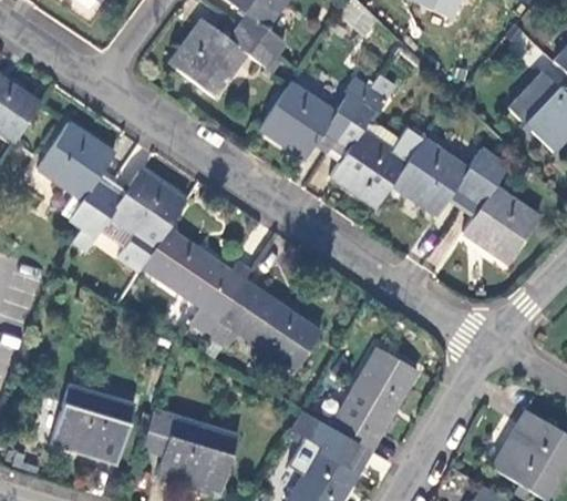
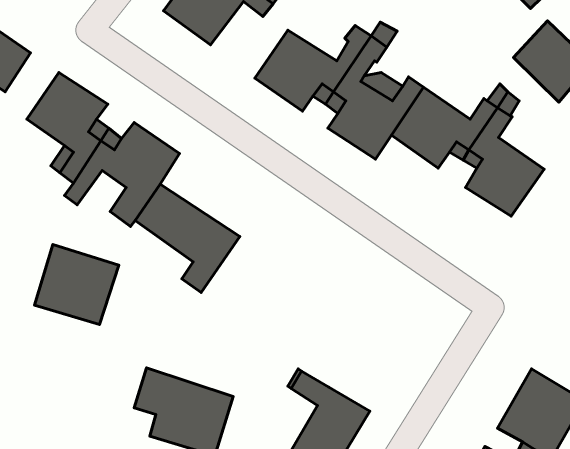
building: [207,282,321,371] -> none
building: [331,347,419,451] -> none
building: [53,385,135,462] -> [35,245,119,324]

